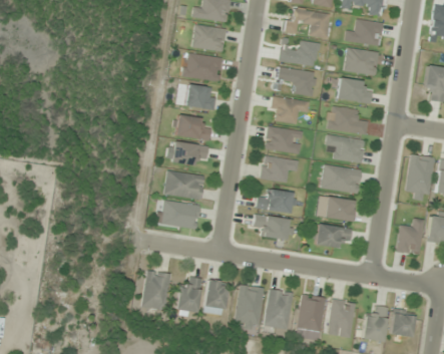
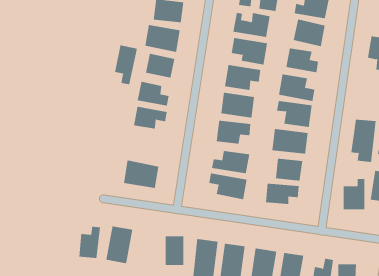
building: none -> [115,45,138,85]
building: [164,170,204,199] -> none
building: [177,277,201,312] -> [78,226,101,259]

